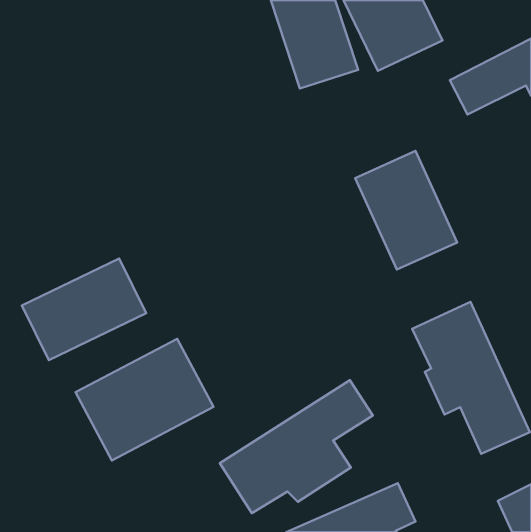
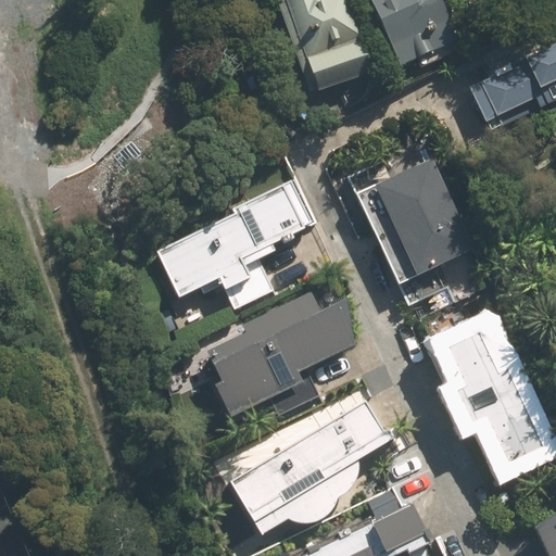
building: none -> [150,181,309,311]
building: [22,258,146,360] -> none
building: none -> [212,290,356,414]
building: [76,339,213,460] -> none

